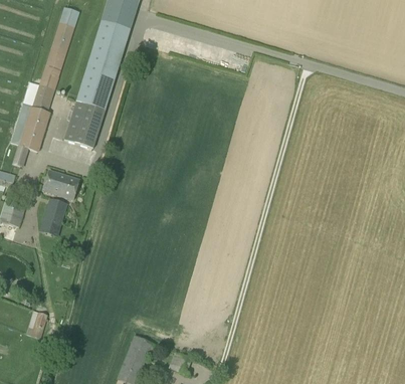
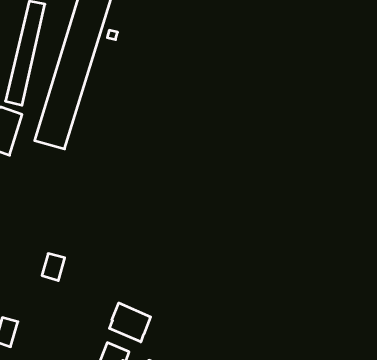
building: [43,170,79,199] -> none
building: [43,200,65,226] -> [42,254,65,281]
building: none -> [109,303,151,342]

